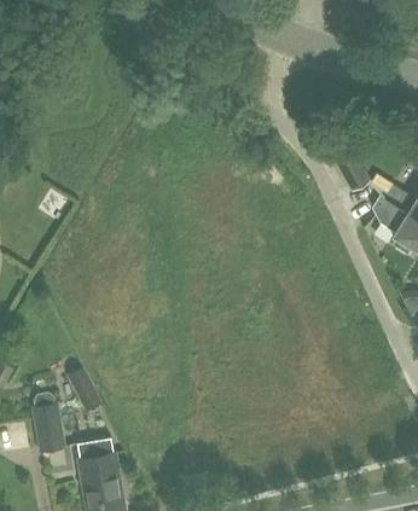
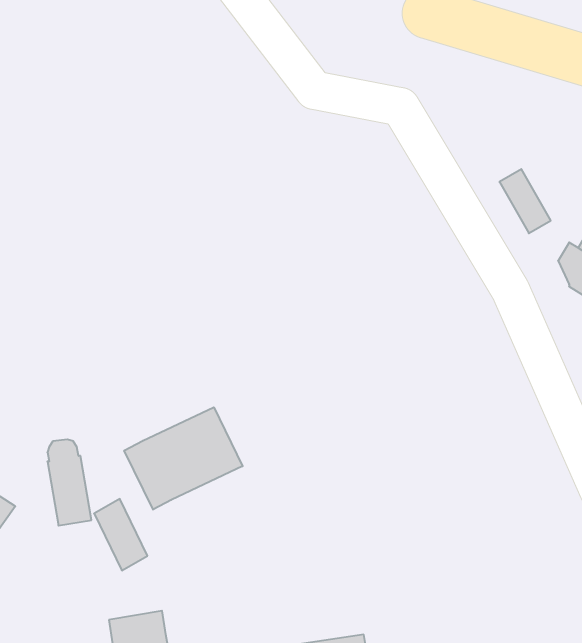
building: none -> [124,407,243,510]
building: [34,394,63,451] -> [47,439,91,526]

